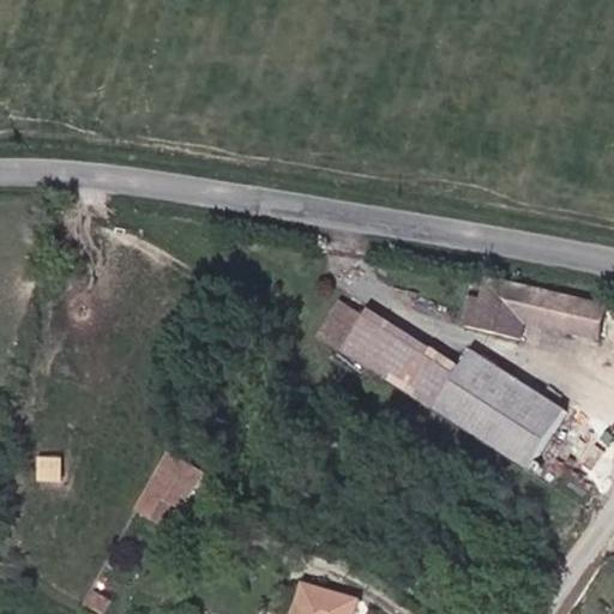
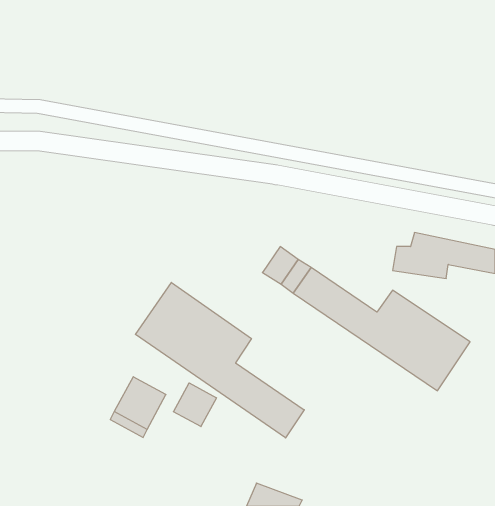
building: none -> [135,282,304,438]
building: none -> [173,383,216,427]

